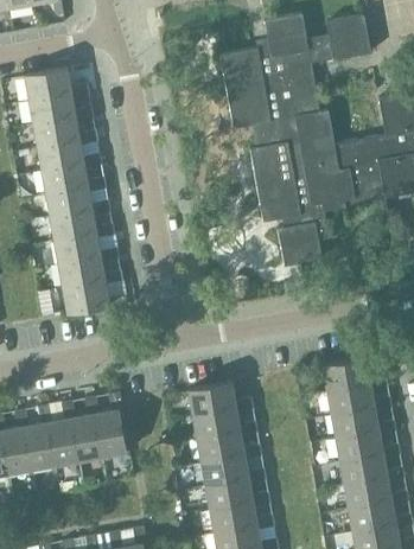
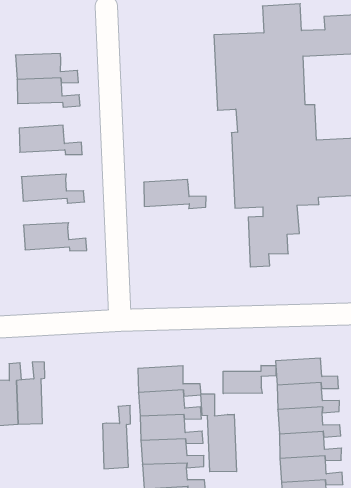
building: [25,70,89,101] -> none
building: [37,141,102,172] -> none
building: [45,187,110,219] -> none
building: [55,235,119,267] -> [144,179,206,209]
building: [63,282,127,313] -> none
building: none -> [223,365,276,394]
building: [95,394,126,459] -> [103,406,130,469]
building: none -> [201,394,237,472]

